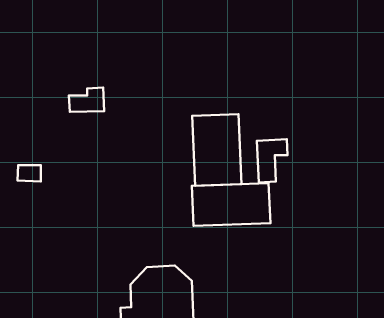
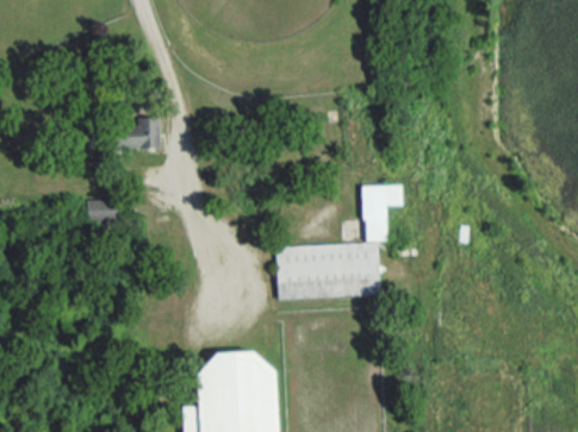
building: [192,114,241,186] -> none
building: [17,165,41,181] -> [86,201,117,223]

